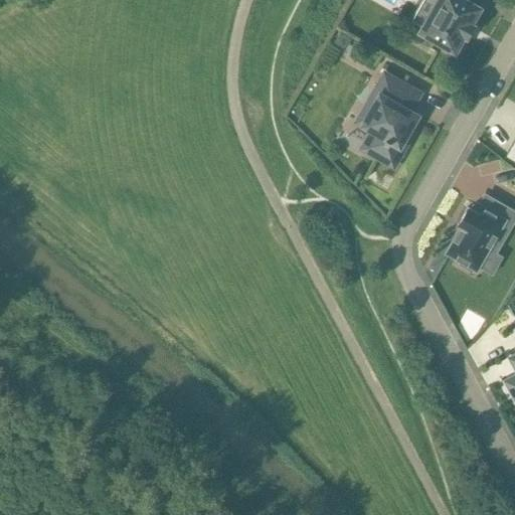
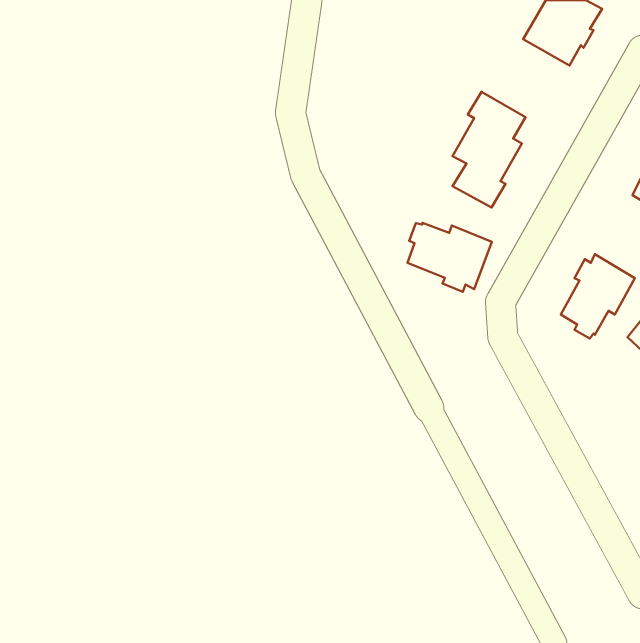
building: none -> [408,223,492,292]

